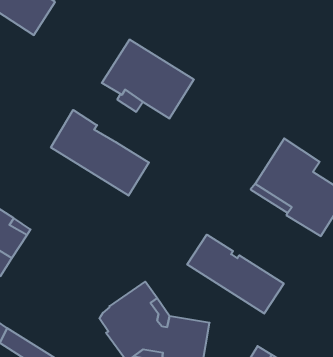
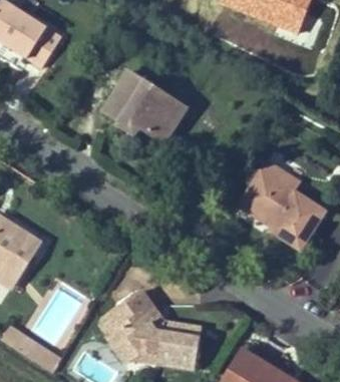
building: [51,110,149,196] -> none
building: [187,235,284,314] -> none

